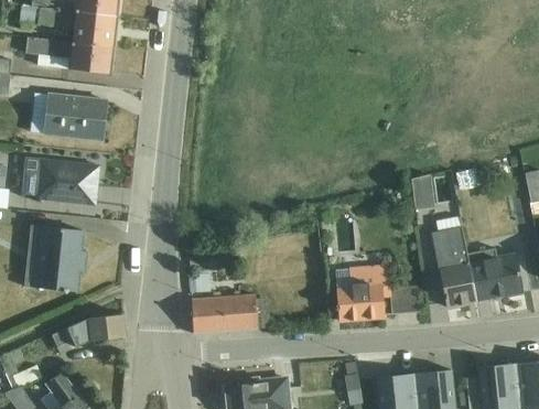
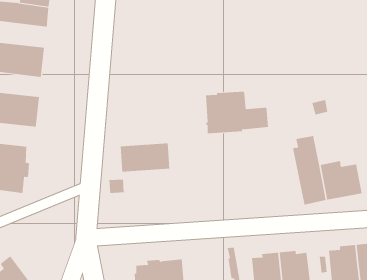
building: [411,175,434,209] -> none
building: [335,265,419,321] -> [205,91,269,134]
building: [191,295,257,334] -> [120,143,170,172]
building: [53,314,126,354] -> none

